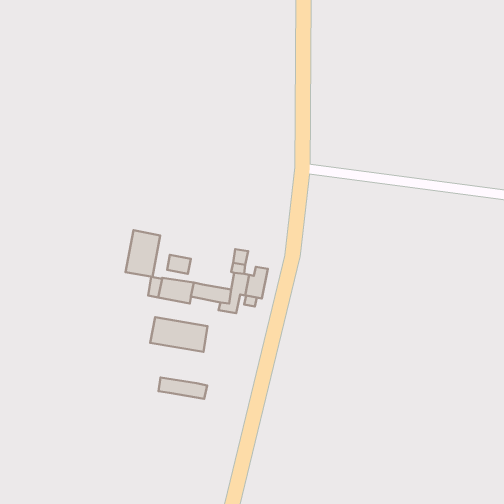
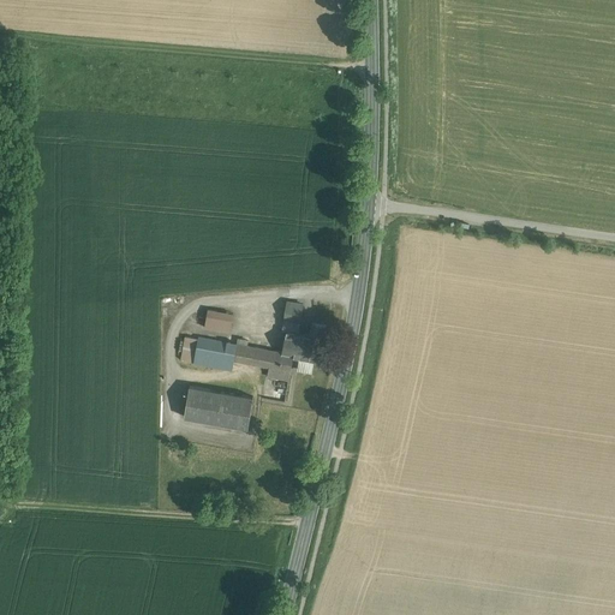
building: [126,230,160,277] -> none
building: [159,378,207,399] -> none

